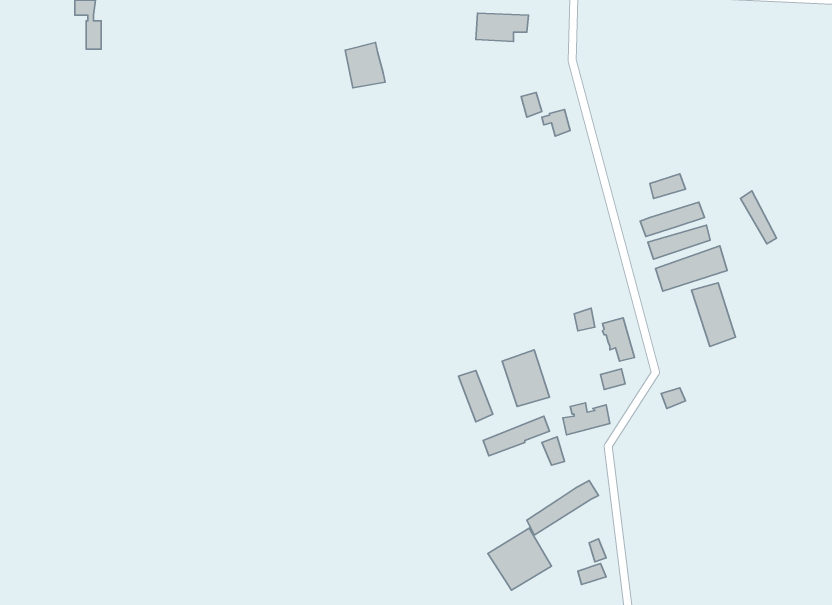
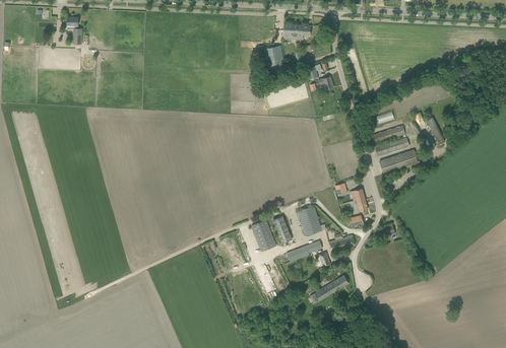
building: [345,43,385,88] -> [264,44,286,68]
building: [692,283,735,346] -> none
building: none -> [251,219,275,251]
building: [488,528,552,590] -> none

